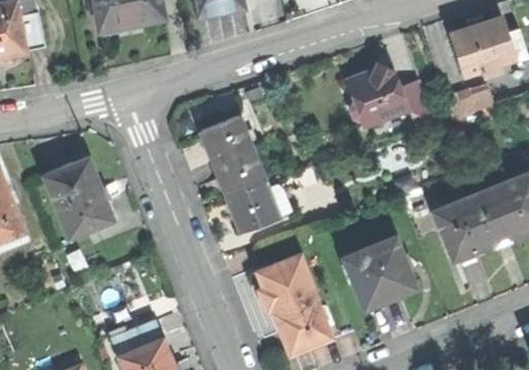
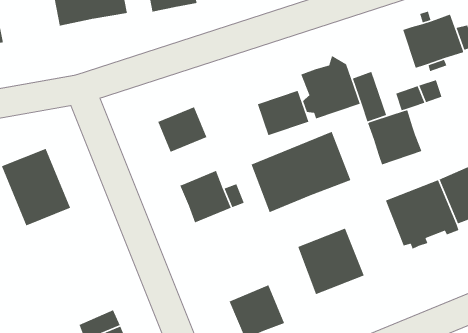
building: none -> [257,90,309,136]
building: none -> [367,109,422,166]
building: none -> [250,131,352,213]
building: [213,146,264,194] -> none
building: [262,255,315,314] -> none

